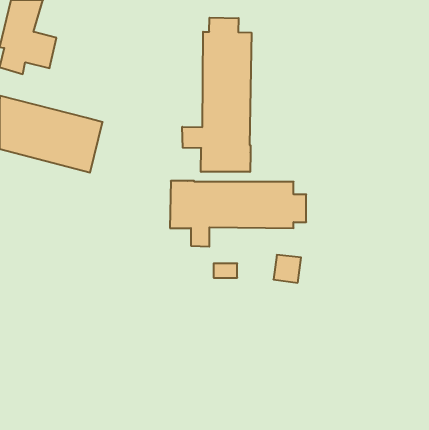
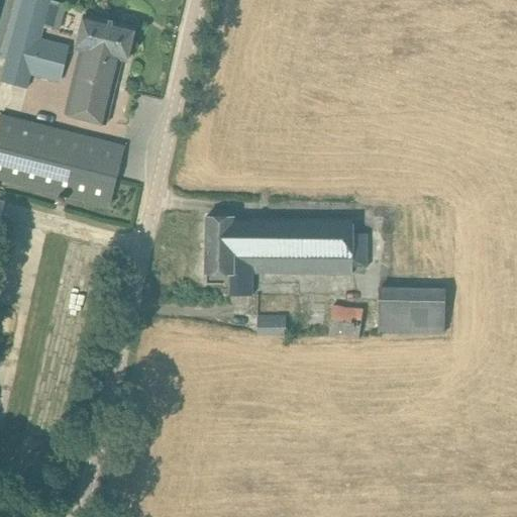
building: none -> [65,15,134,125]
building: [182,18,251,172] -> none
building: none -> [378,286,446,334]

